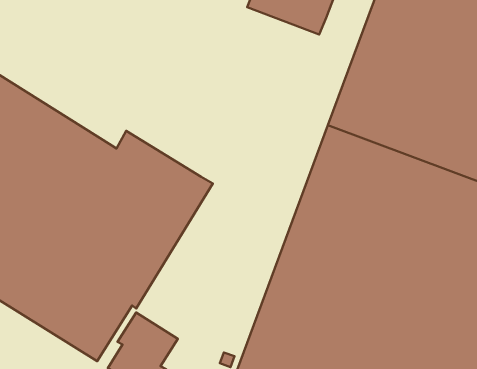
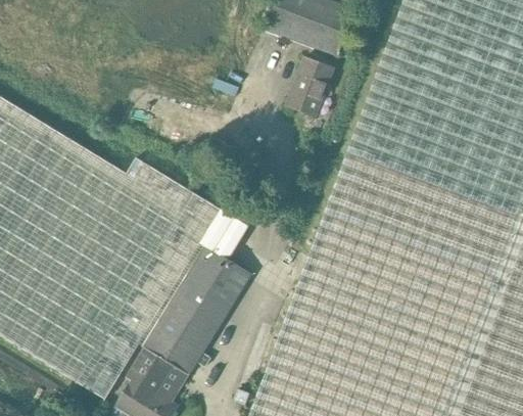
building: none -> [287,56,334,115]
building: none -> [144,213,252,376]

